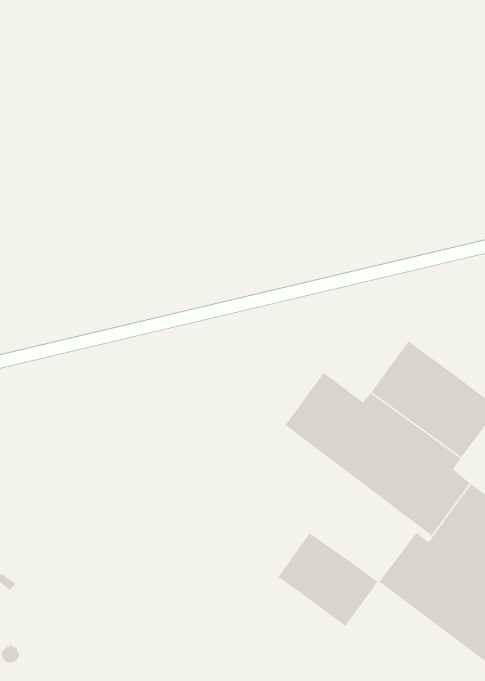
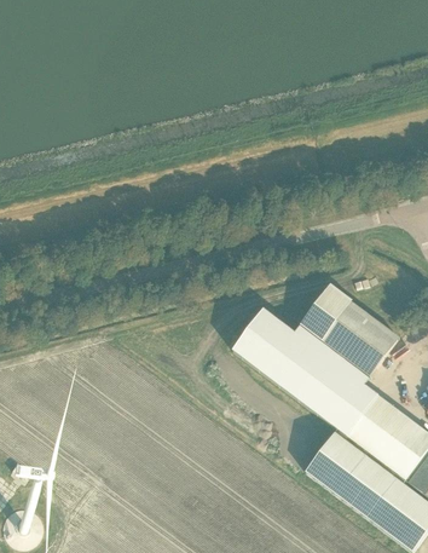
building: [277,532,378,627] -> none

